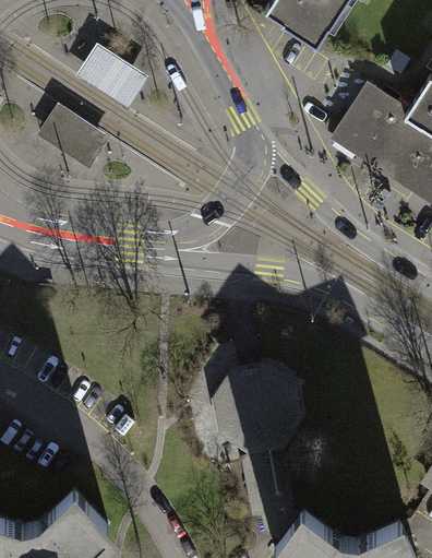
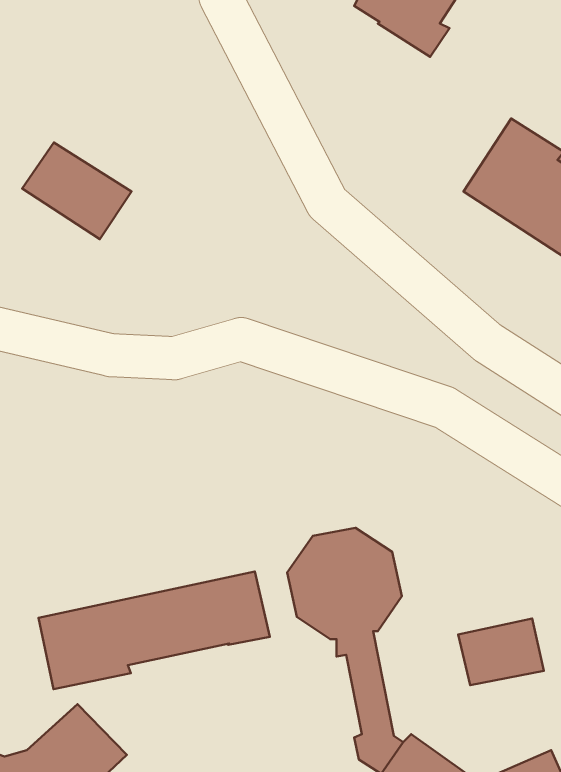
building: [76,45,151,112] -> none
building: none -> [38,572,270,689]
building: none -> [458,618,544,685]

